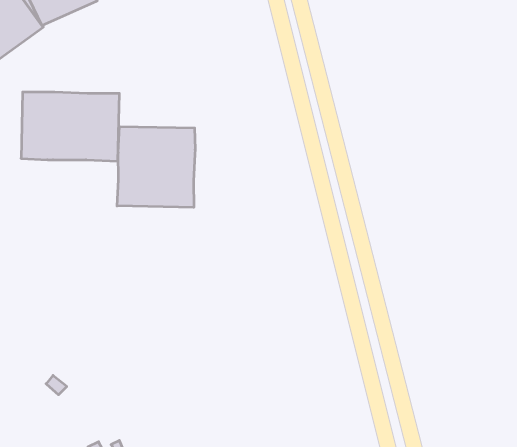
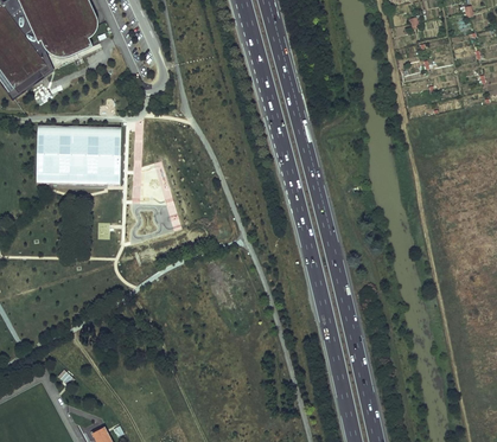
building: [117,126,195,207] -> none

